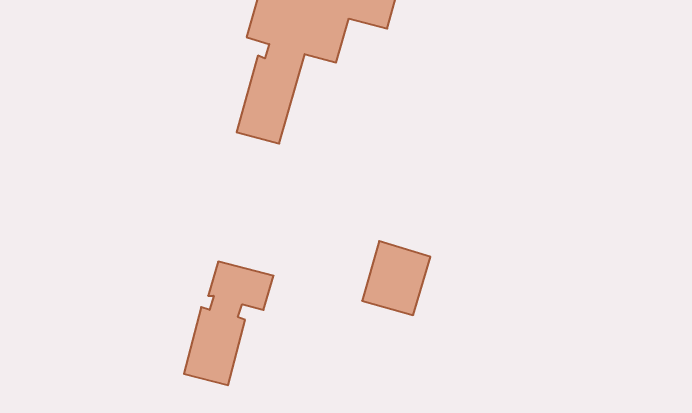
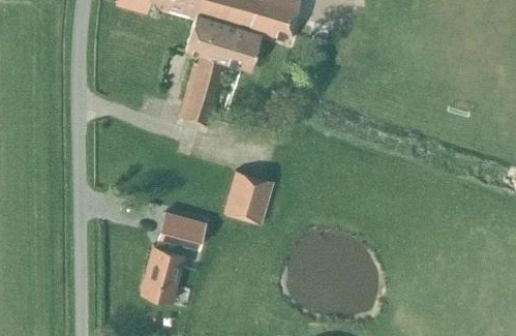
building: [362,241,430,315] -> [224,171,274,224]

